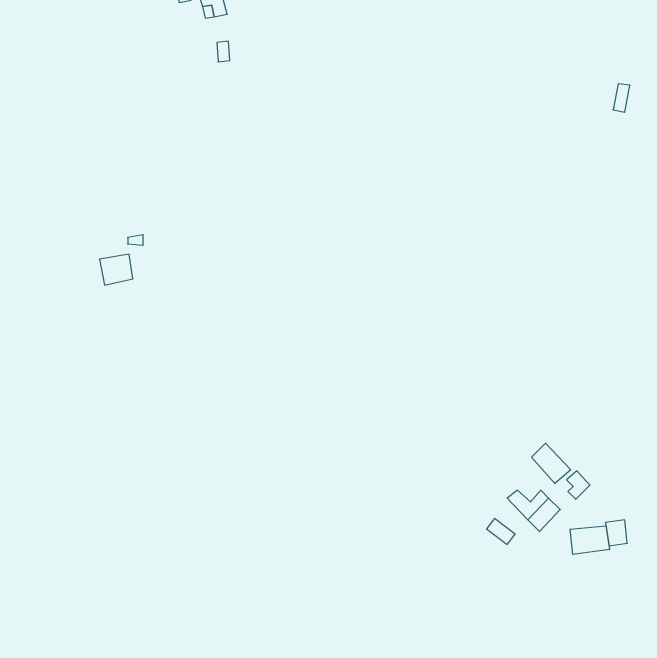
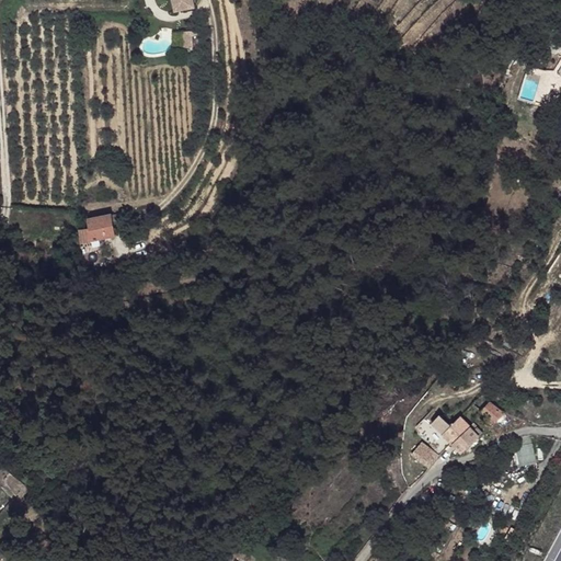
building: [532,443,571,484] -> none
building: [570,526,610,554] -> none

